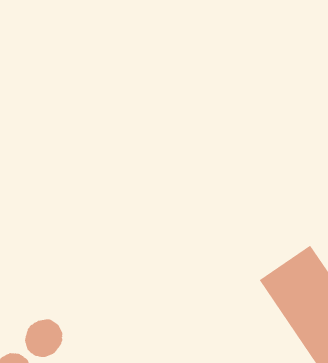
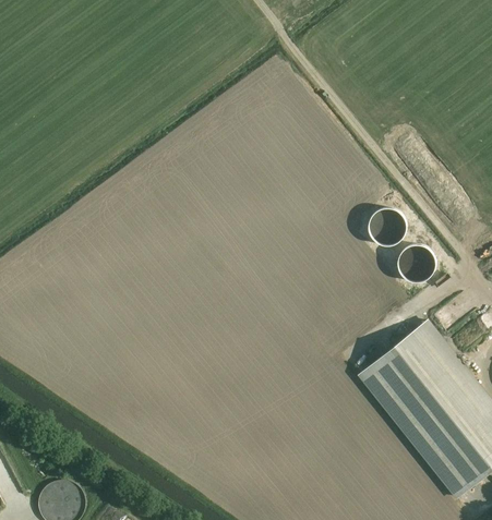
building: [24,319,63,358] -> none

